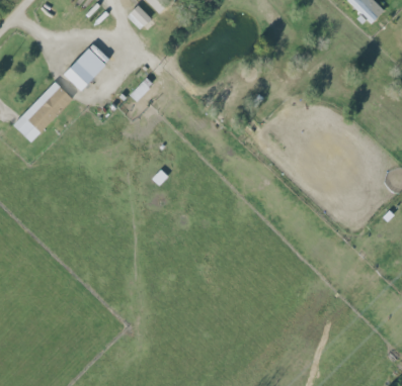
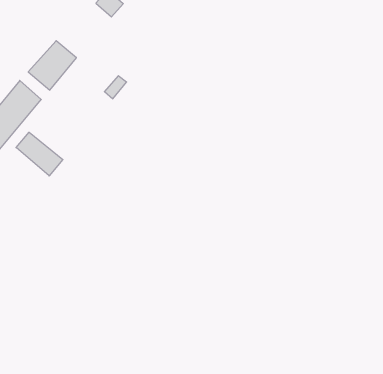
building: none -> [16,132,63,176]

